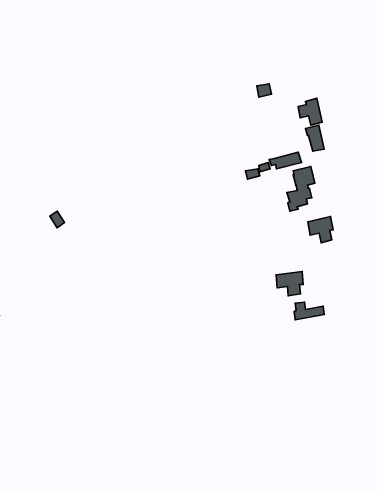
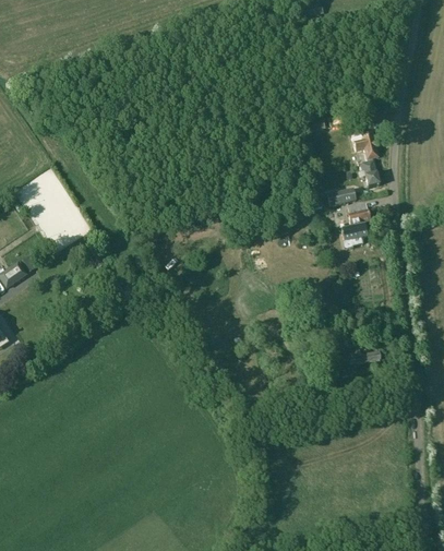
building: [308,217,333,243] -> none
building: [276,272,303,296] -> none

